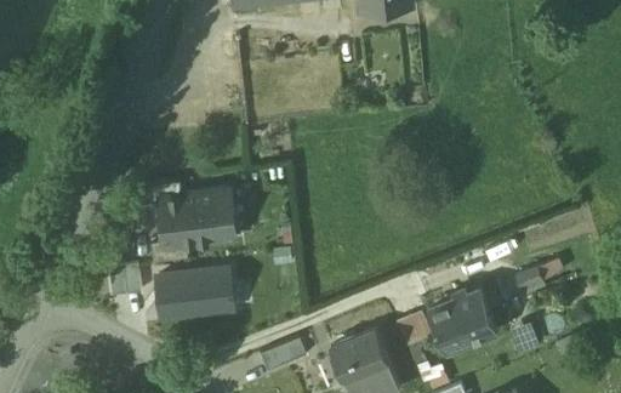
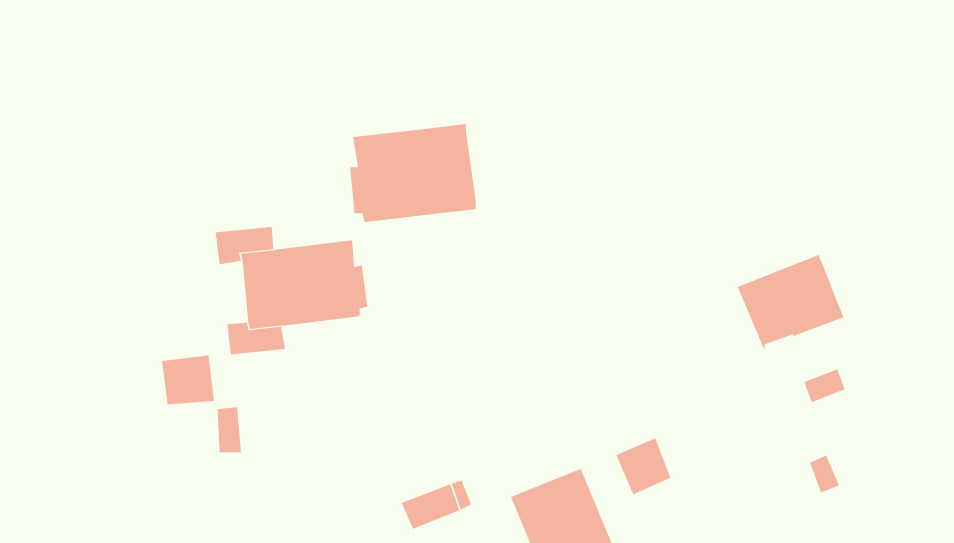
building: none -> [349,123,476,223]
building: [158,268,232,315] -> none
building: [429,290,497,351] -> [737,254,844,350]

